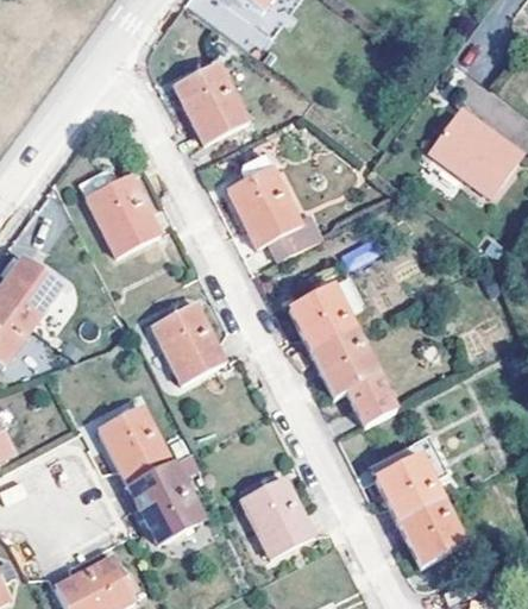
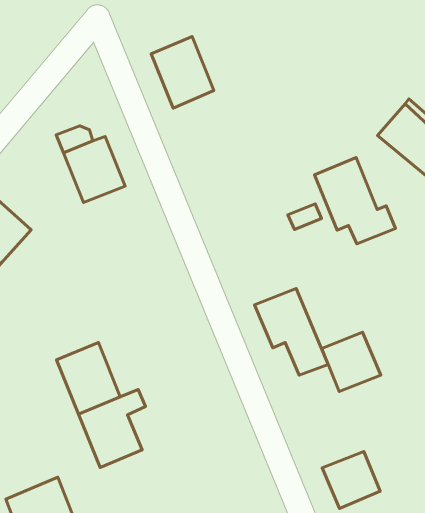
building: [227,163,320,257] -> [314,157,395,244]
building: [289,284,354,349] -> none
building: [151,300,225,381] -> none
building: [376,453,442,520] -> [322,332,381,392]
building: [241,476,313,554] -> none

